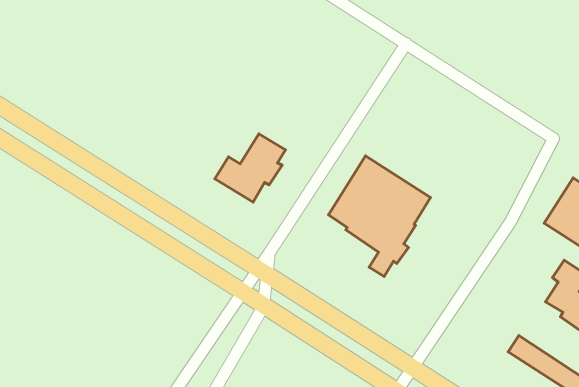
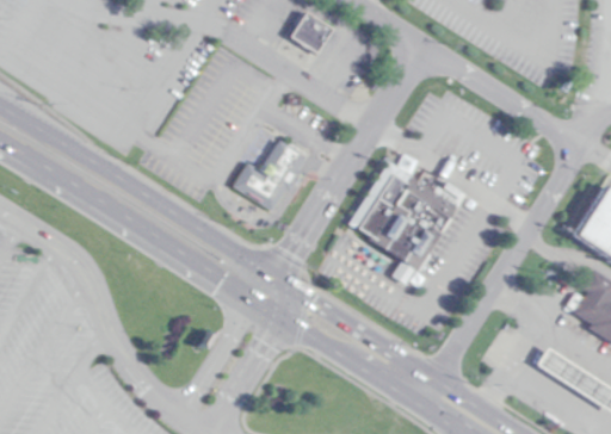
building: none -> [289,13,331,55]

